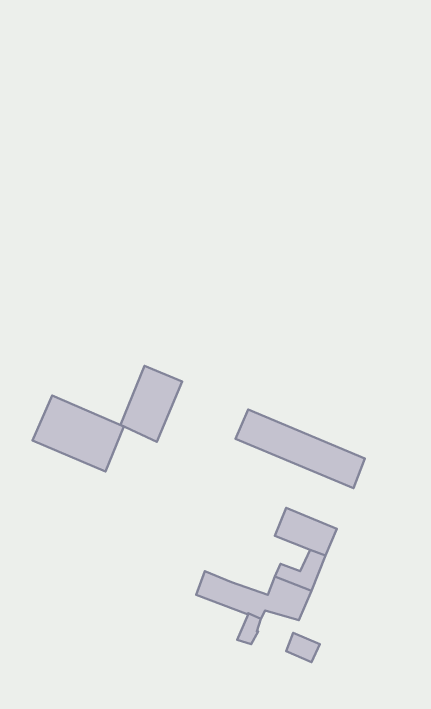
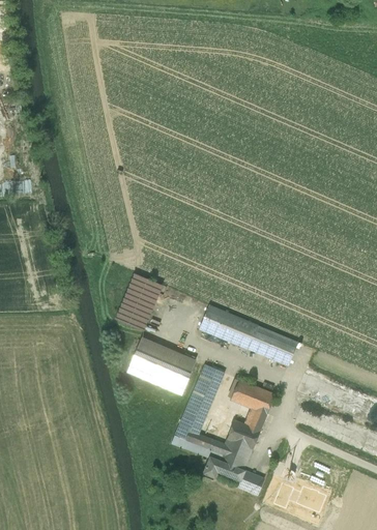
building: [33,396,124,471] -> [127,338,195,394]
building: none -> [178,364,224,434]
building: none -> [216,454,248,479]

